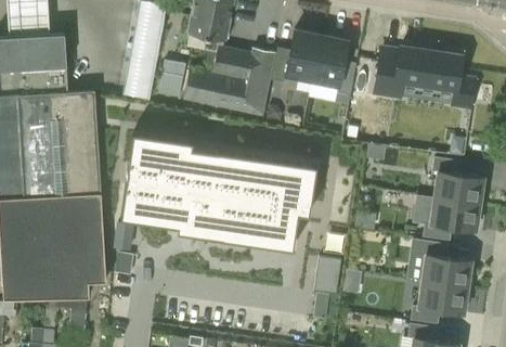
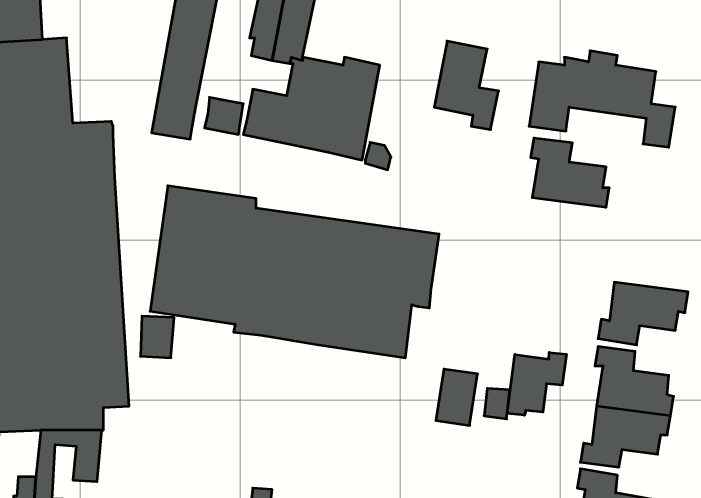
building: [271,30,321,82] -> none
building: [432,158,485,205] -> [531,138,609,207]
building: none -> [507,352,566,415]

